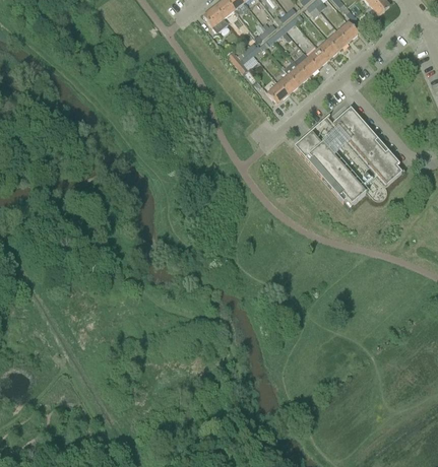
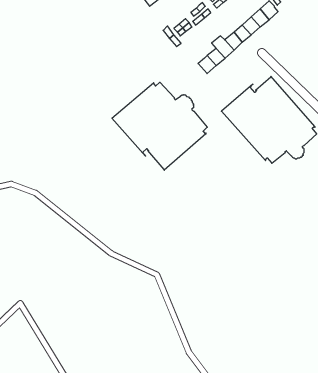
building: none -> [112,82,207,170]

